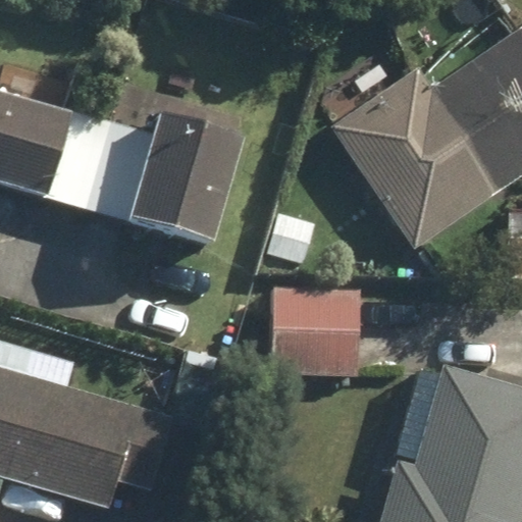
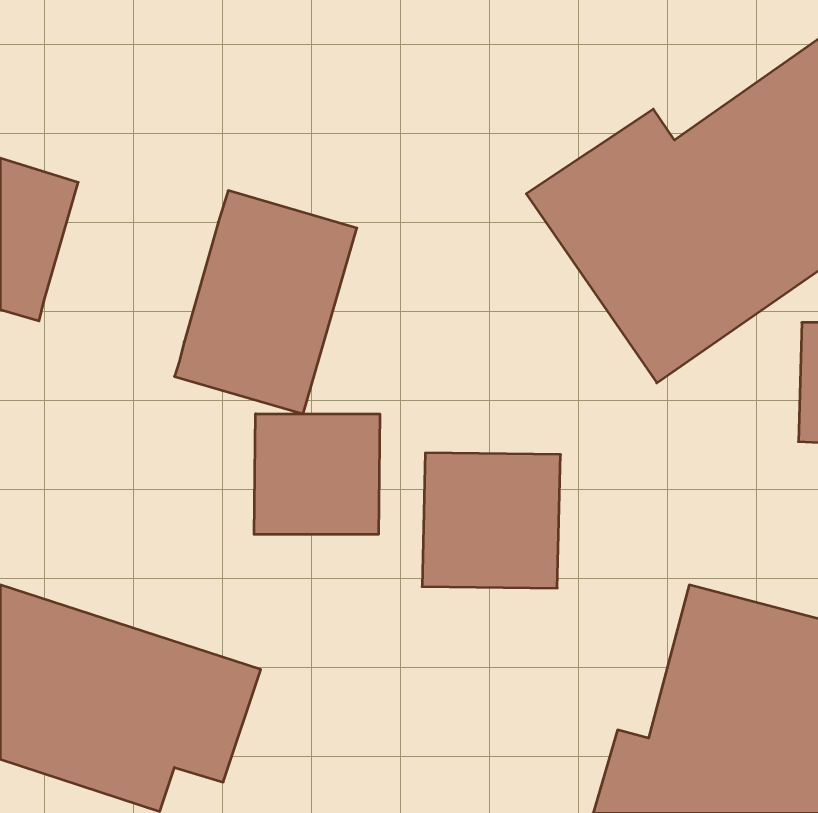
building: [34,114,146,226] -> none
building: none -> [254,414,380,534]

